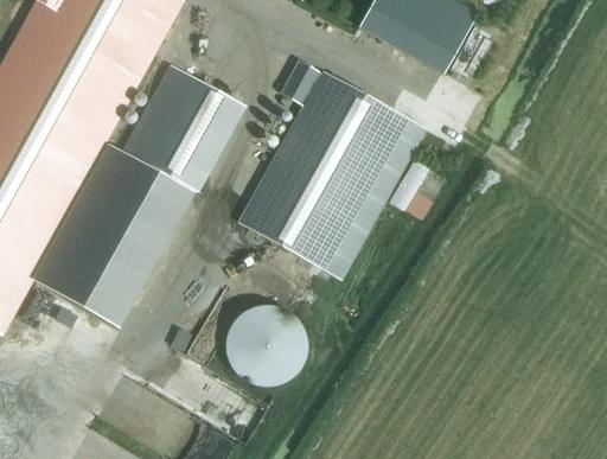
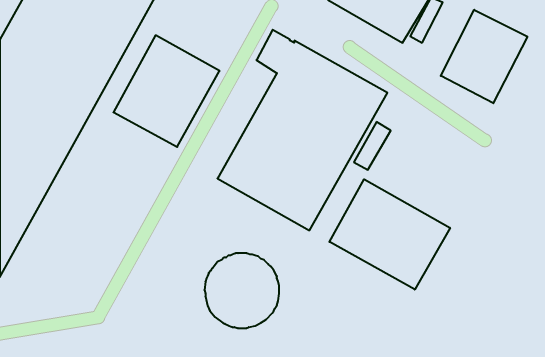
building: none -> [441,10,527,103]
building: [31,144,196,330] -> none
building: none -> [329,179,450,290]

